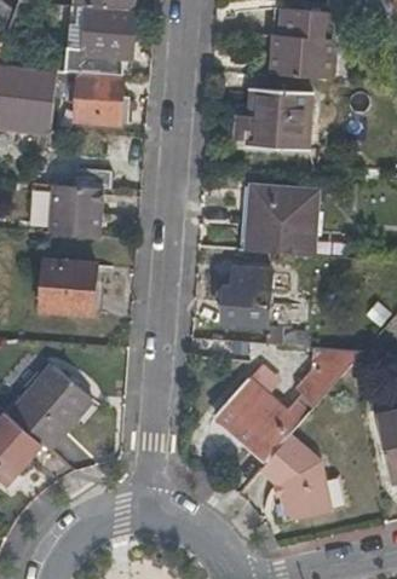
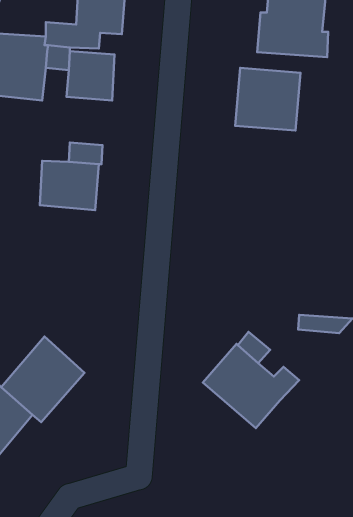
building: [243,189,316,256] -> none
building: [35,262,92,315] -> none
building: [220,270,309,340] -> none
building: [293,357,349,407] -> none
building: [258,428,333,515] -> none

